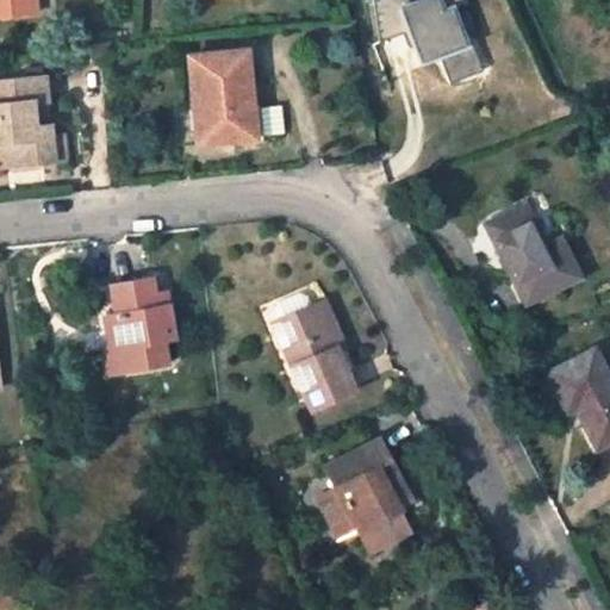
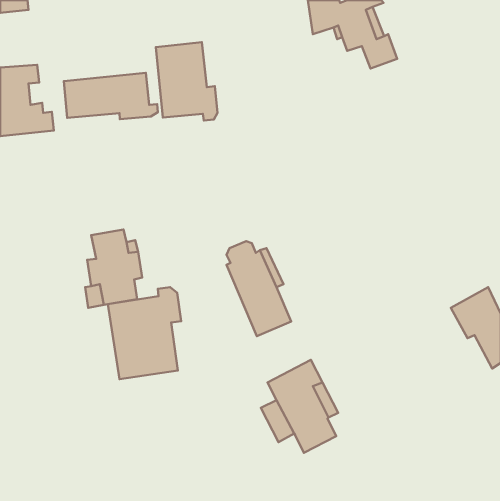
building: none -> [64,73,158,119]
building: [488,207,579,301] -> none
building: none -> [108,287,181,379]

